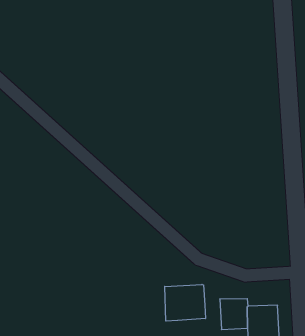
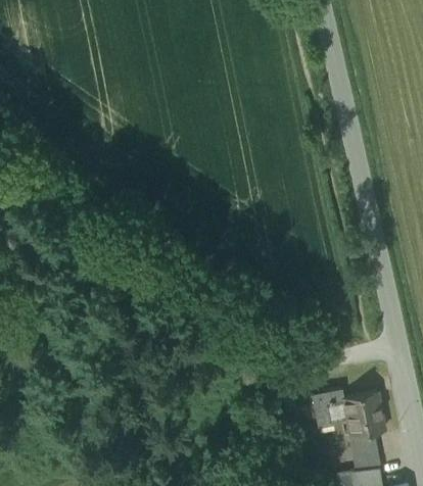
building: [165,284,205,321] -> none

